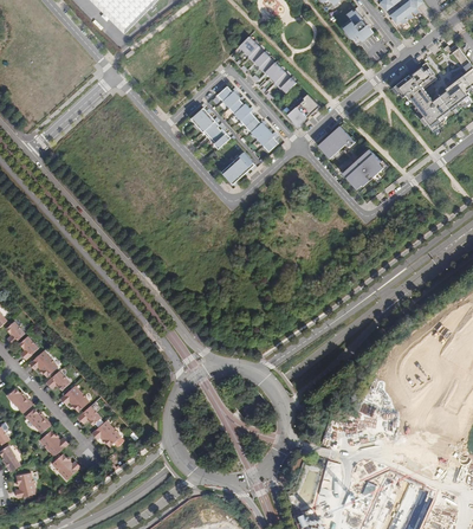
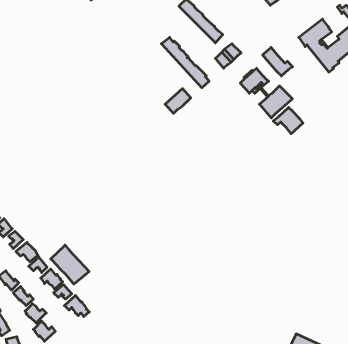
building: none -> [263,47,293,76]
building: [190,107,231,148] -> none
building: none -> [273,107,303,134]
building: none -> [51,245,89,284]

